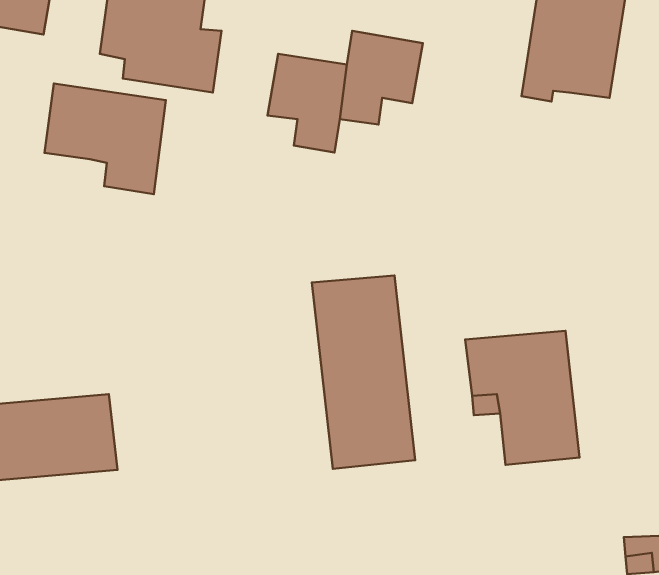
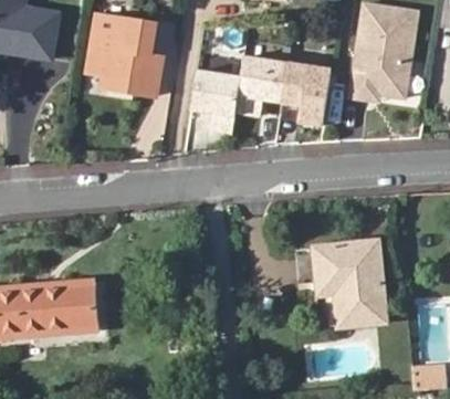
building: none -> [282,63,332,125]
building: [45,84,166,194] -> none
building: [312,276,415,469] -> none

